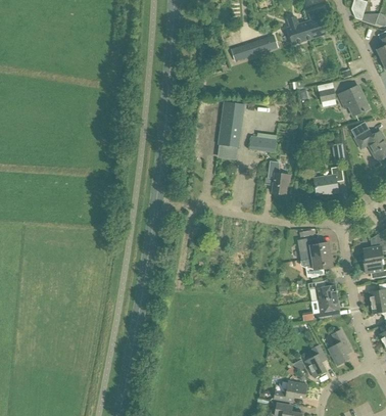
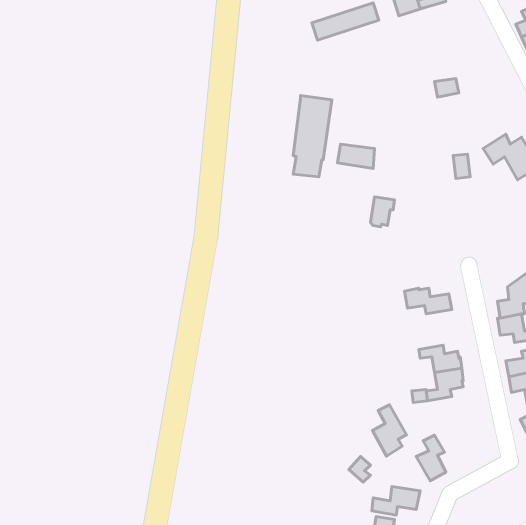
building: [338,85,369,117] -> none
building: [313,166,342,194] -> none
building: [299,253,332,276] -> none
building: [327,328,351,365] -> [372,405,407,456]

